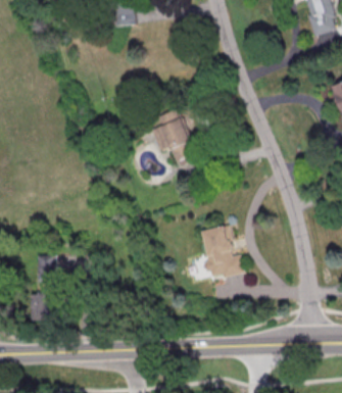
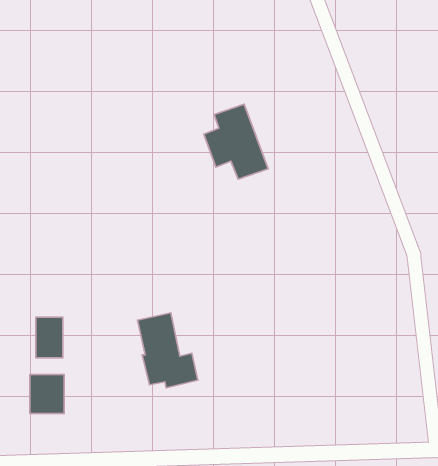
building: [200,228,241,279] -> [138,313,198,388]

